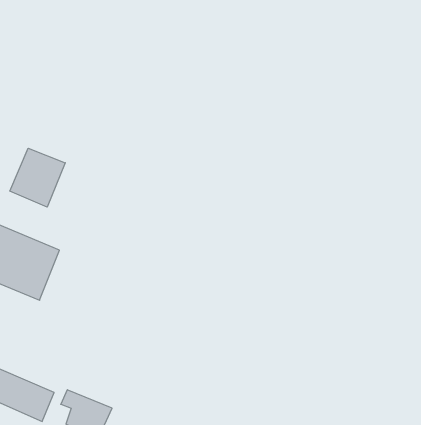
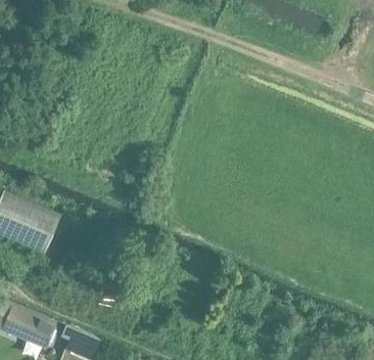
building: [10,148,65,207] -> none

